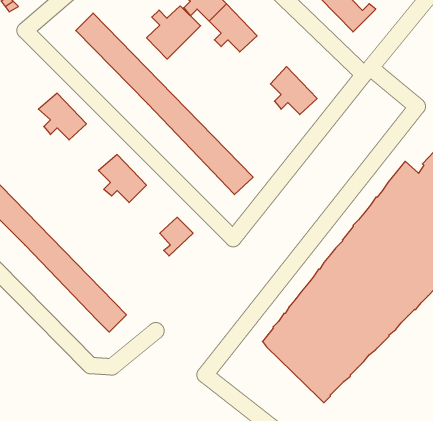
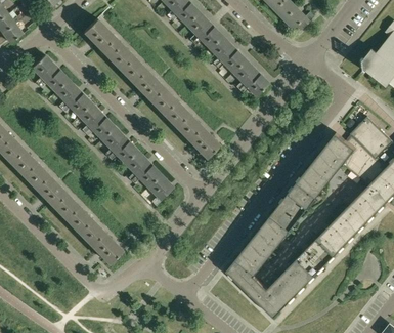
building: [147,6,201,59] -> none
building: none -> [210,36,246,73]
building: none -> [32,54,70,92]
building: none -> [79,103,116,139]
building: none -> [125,151,162,188]

